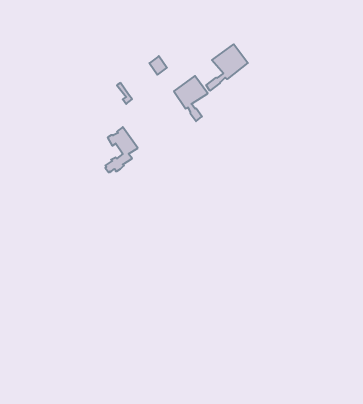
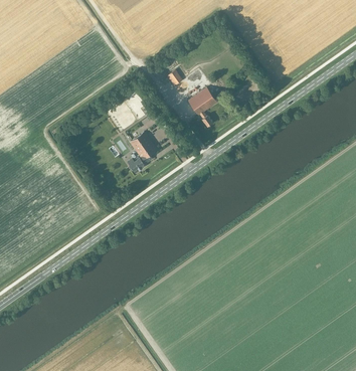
building: [206,44,248,91] -> none

